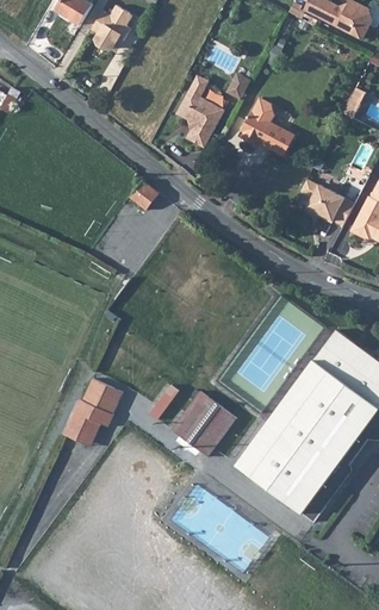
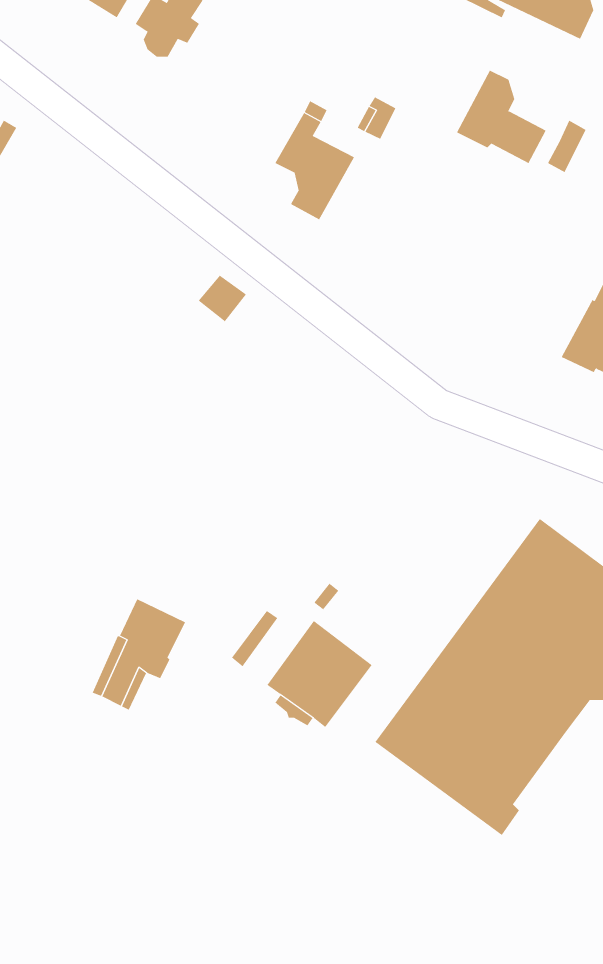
building: [238,98,293,155] -> [456,70,546,164]
building: [299,179,354,225] -> none

